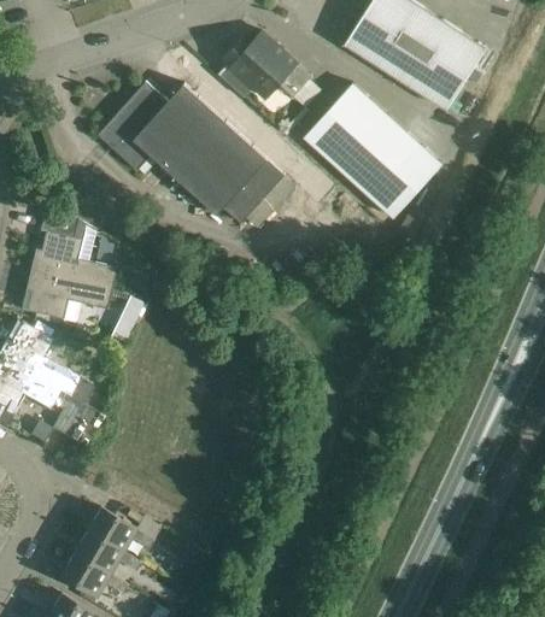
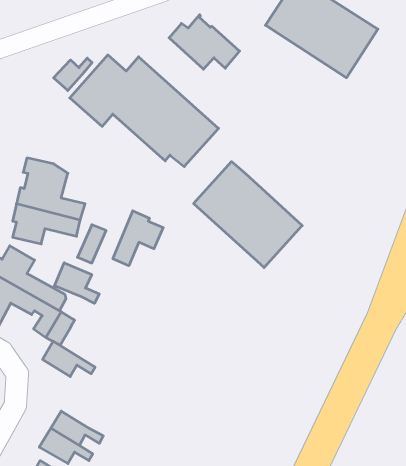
building: [305,83,443,217] -> [194,162,302,268]
building: none -> [54,58,92,91]
building: none -> [113,211,163,266]
building: none -> [54,263,99,303]
building: [87,507,153,552] -> [43,341,95,377]

